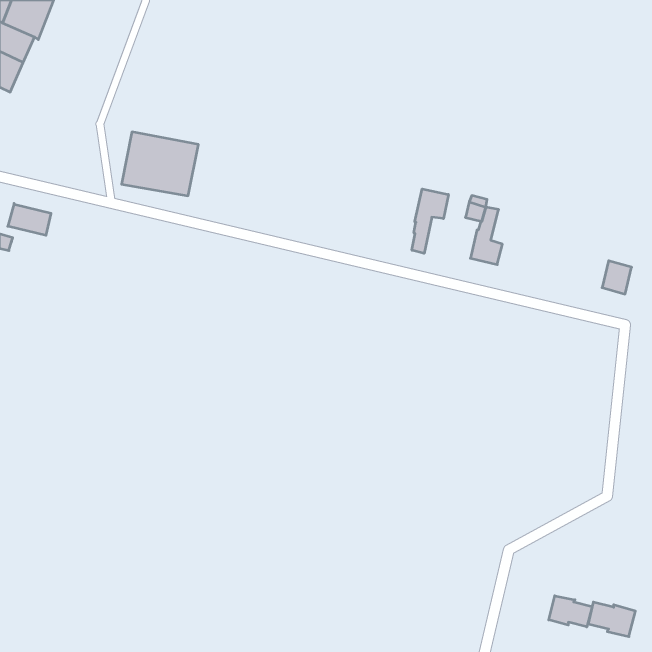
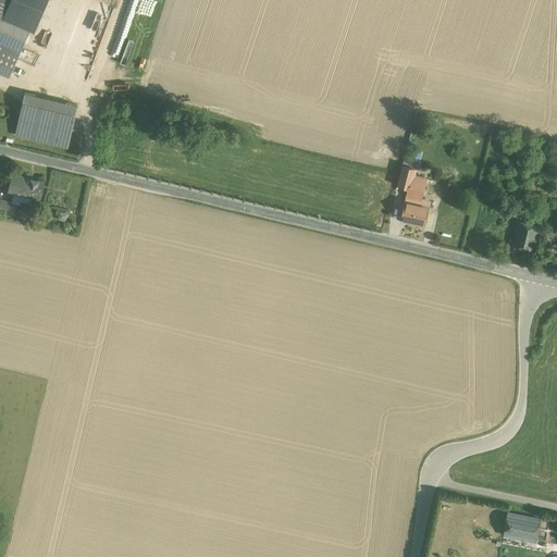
building: [122,132,198,196] -> [15,94,81,148]
building: [412,189,448,253] -> none
building: [549,596,592,627] -> none

